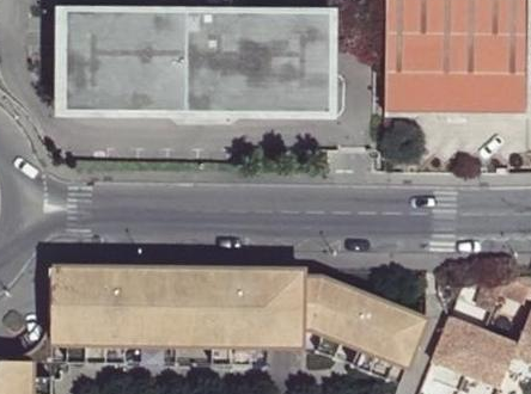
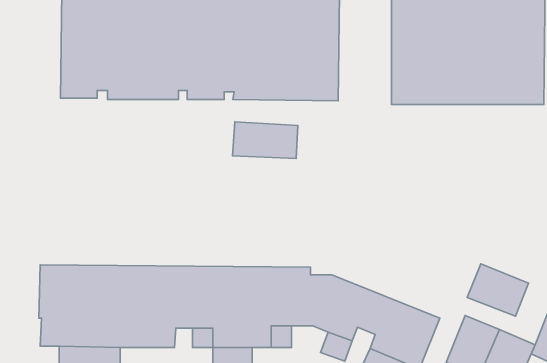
building: none -> [233,122,298,159]
building: none -> [467,264,528,316]

